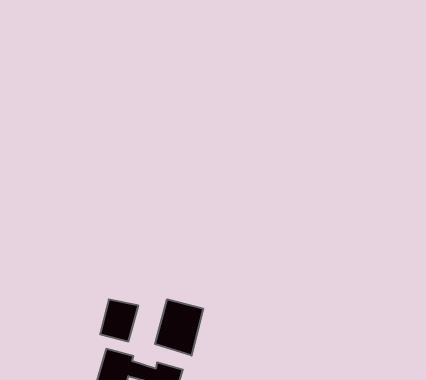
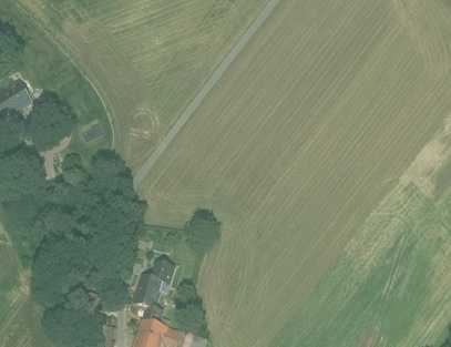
building: [155,299,203,356] -> none

